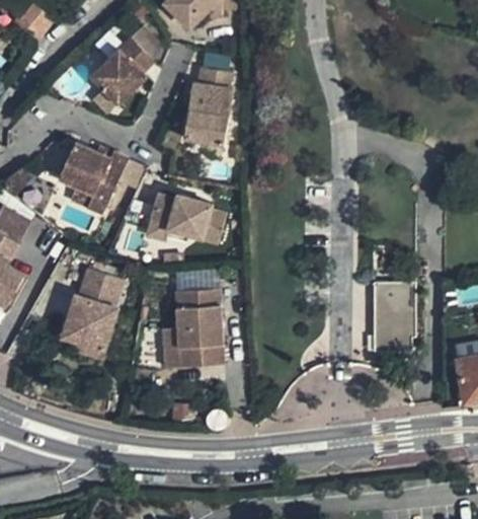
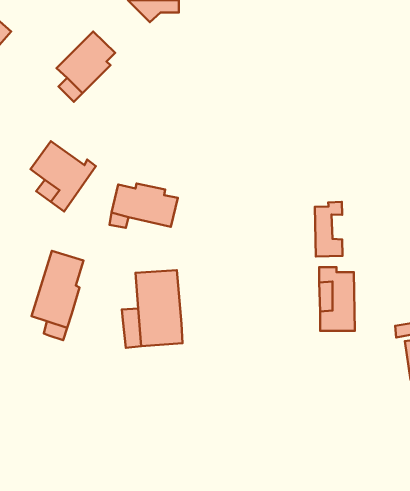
building: [183,58,233,146] -> none
building: none -> [315,202,343,257]

